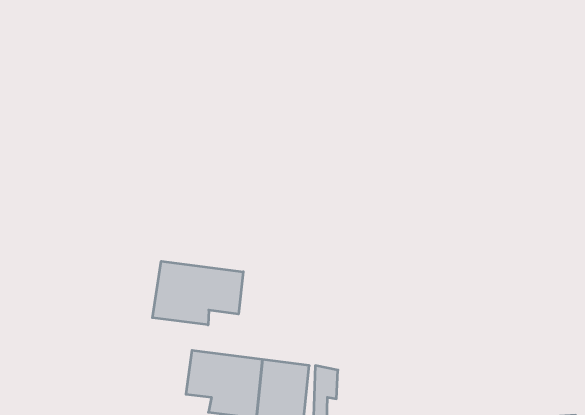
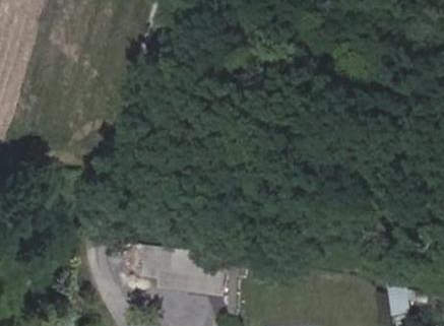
building: [152,261,243,325] -> none

